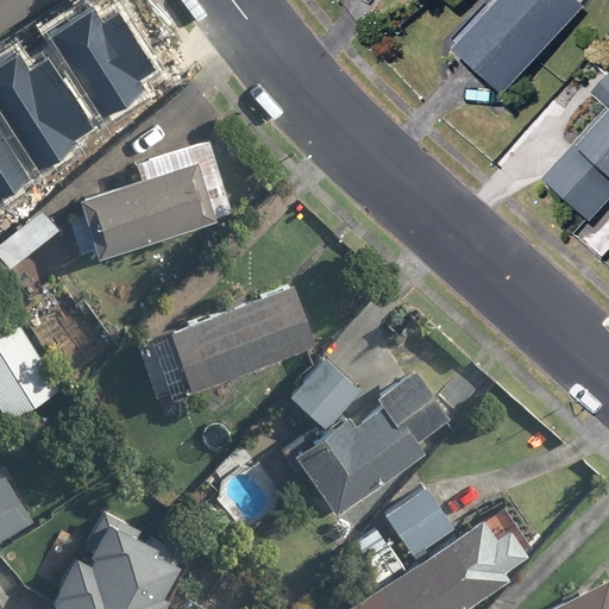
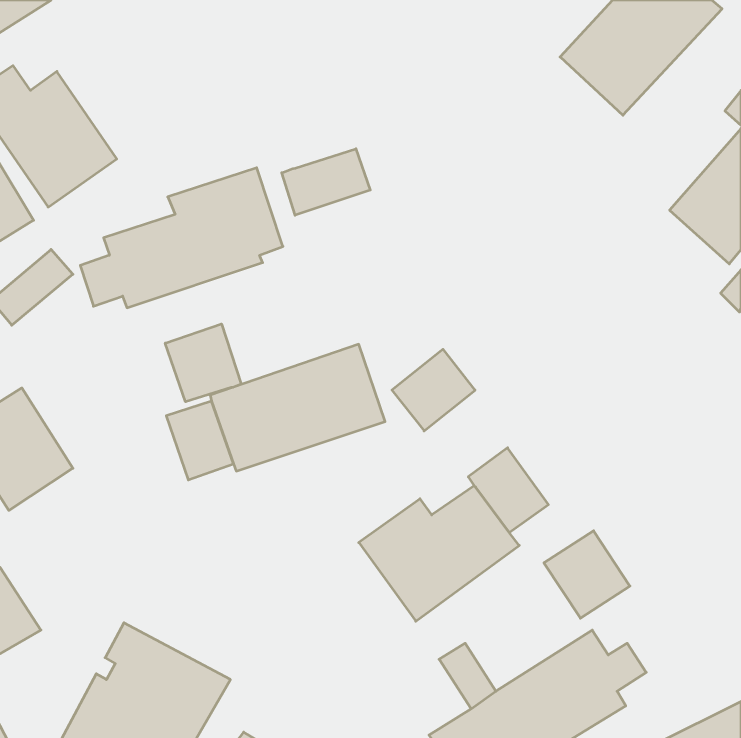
building: [43,14,151,127] -> none
building: none -> [282,149,370,215]
building: none -> [165,324,241,402]
building: [290,360,358,427] -> [392,349,475,431]
building: [383,486,453,558] -> [544,531,630,618]

